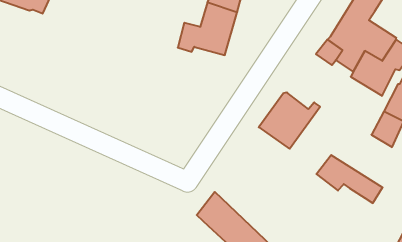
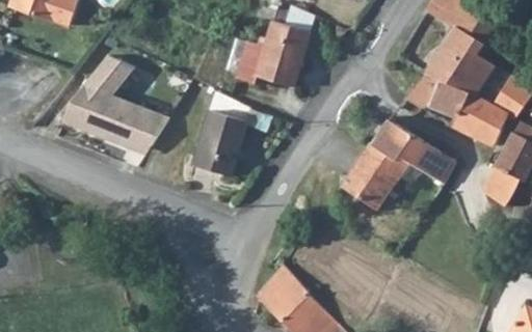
building: none -> [63,61,177,164]
building: none -> [188,93,246,178]
building: [316,155,383,203] -> [374,111,457,171]

